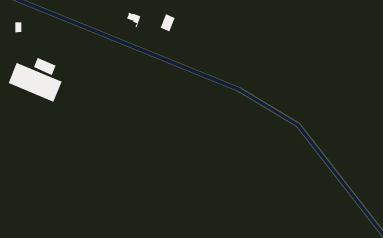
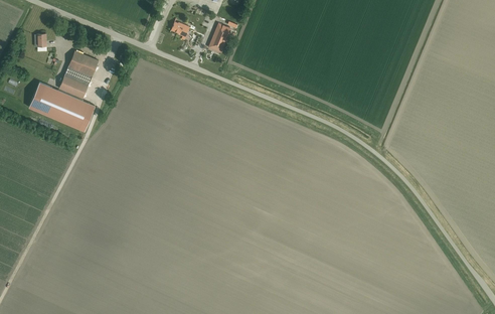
building: none -> [67,51,99,77]

